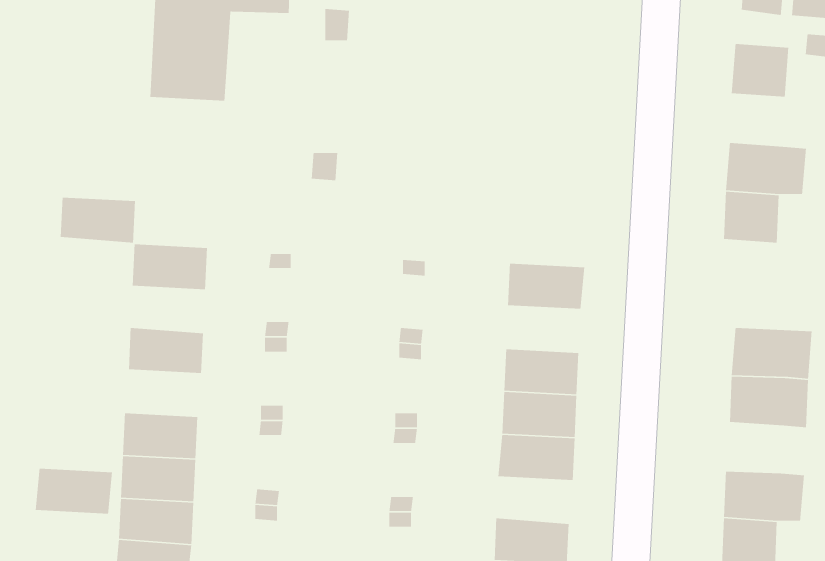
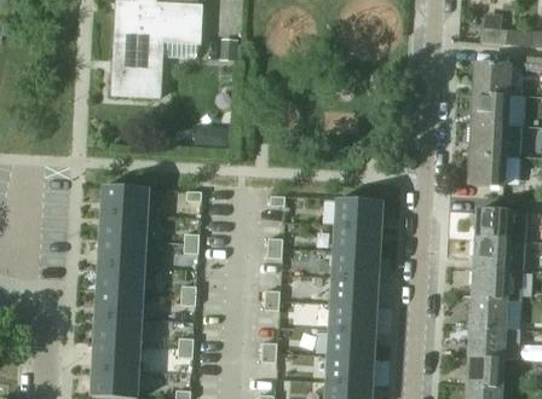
building: none -> [472,93,507,126]
building: [60,197,136,243] -> [99,213,146,242]
building: none -> [475,209,525,241]
building: none -> [333,225,380,254]
building: none -> [469,297,506,329]
building: [35,468,113,514] -> [96,265,144,294]
building: none -> [327,331,375,360]

